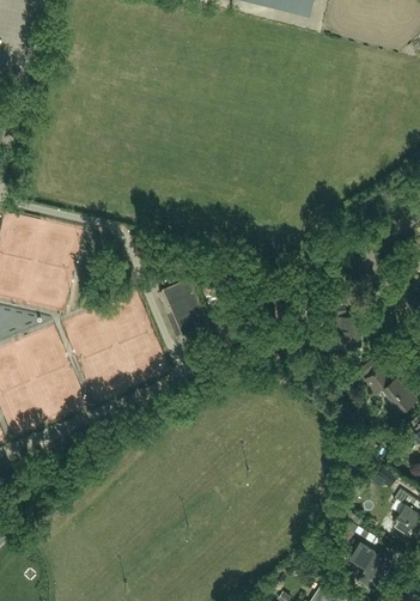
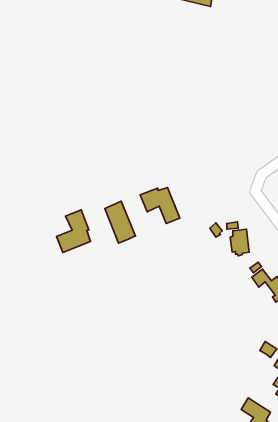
building: none -> [140,187,180,223]
building: none -> [57,210,91,253]

